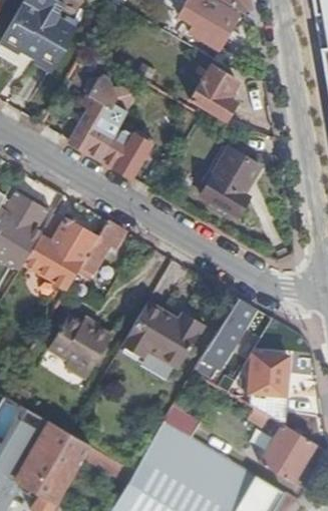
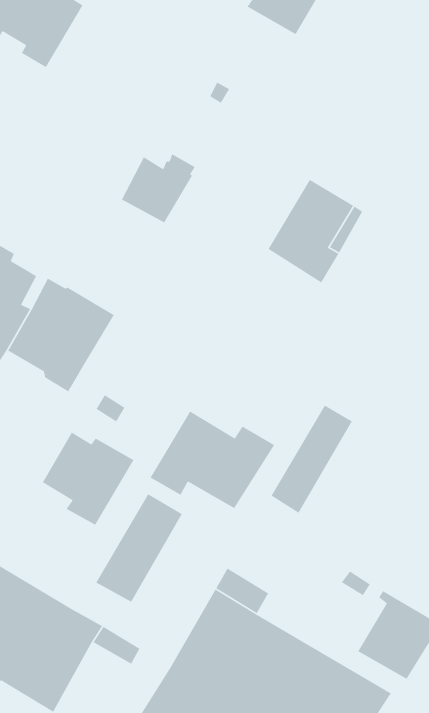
building: [190,66,241,121] -> none
building: [71,74,136,160] -> none
building: [78,220,127,275] -> none
building: [243,352,289,395] -> none
building: none -> [95,493,183,603]

